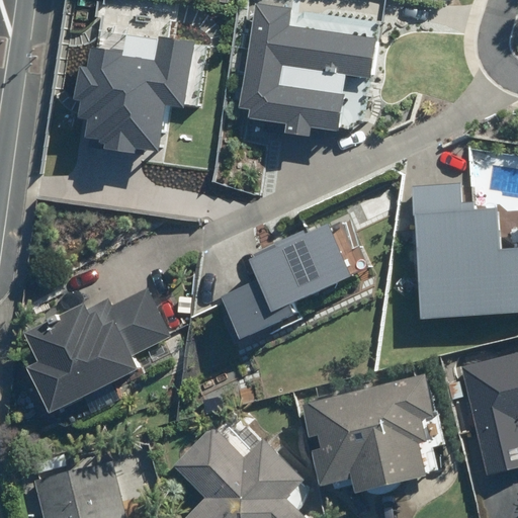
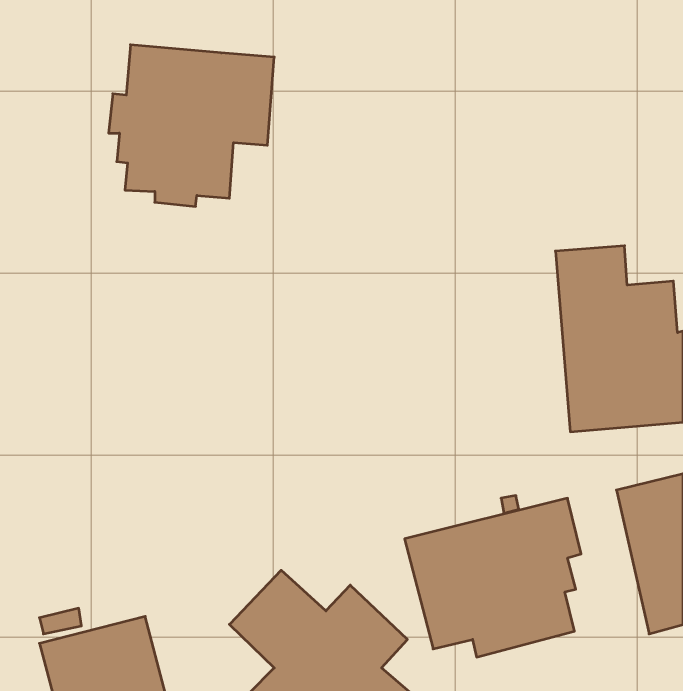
building: [245,6,384,142] -> none
building: [212,227,343,340] -> none
building: [26,289,166,411] -> none

